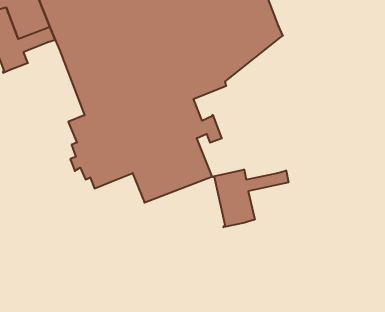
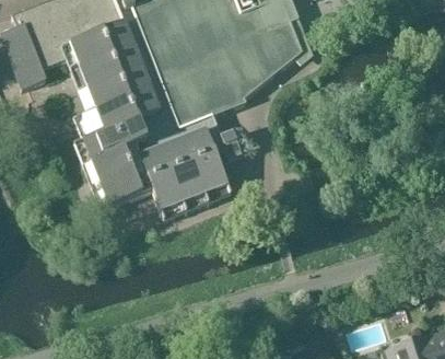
building: [212,169,288,227] -> none

